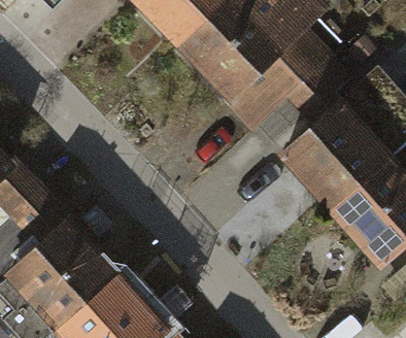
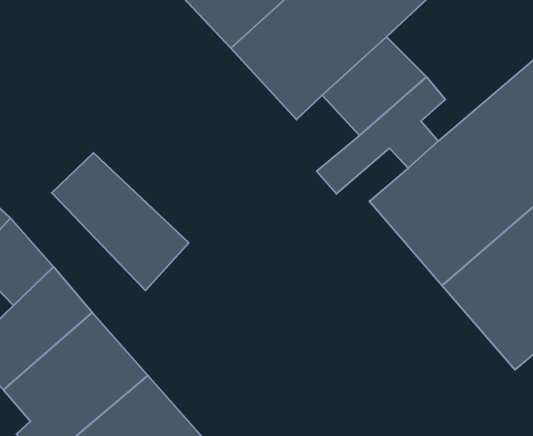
building: none -> [52,153,189,290]

